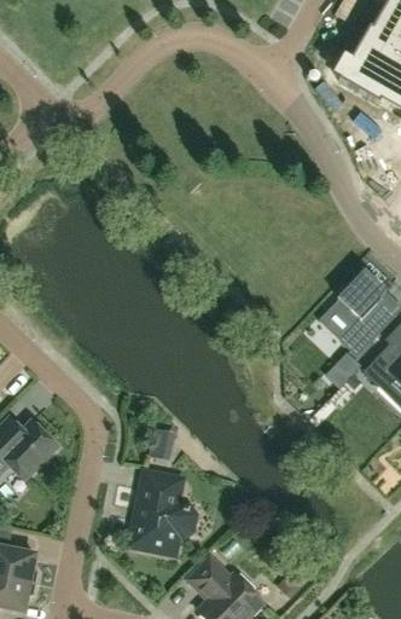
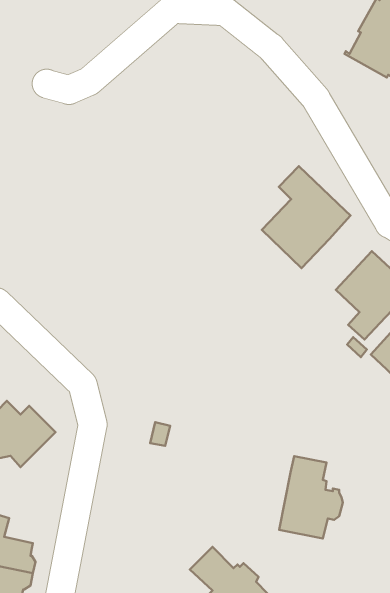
building: none -> [262,166,351,268]
building: [132,473,193,553] -> [279,456,343,539]

